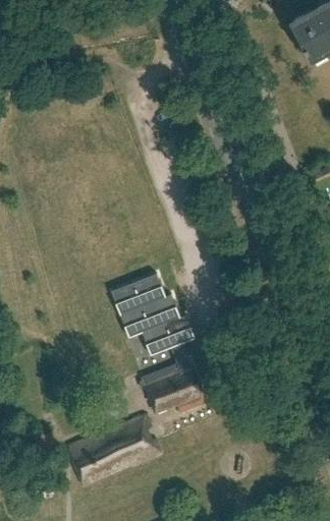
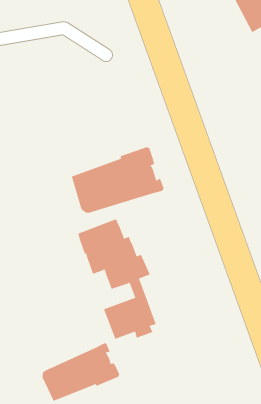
building: none -> [71,146,164,214]

